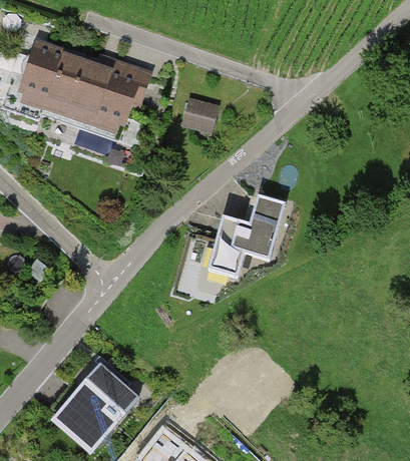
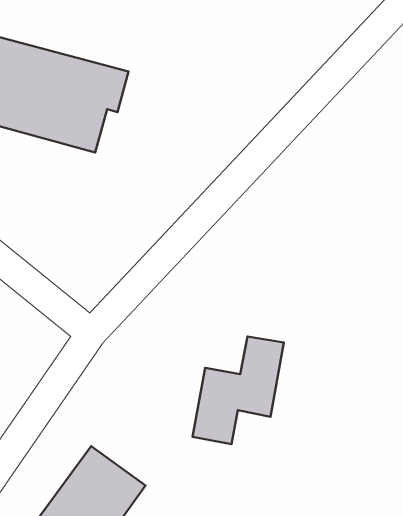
building: [182,90,224,130] -> none
building: [208,195,285,279] -> [193,336,284,444]

